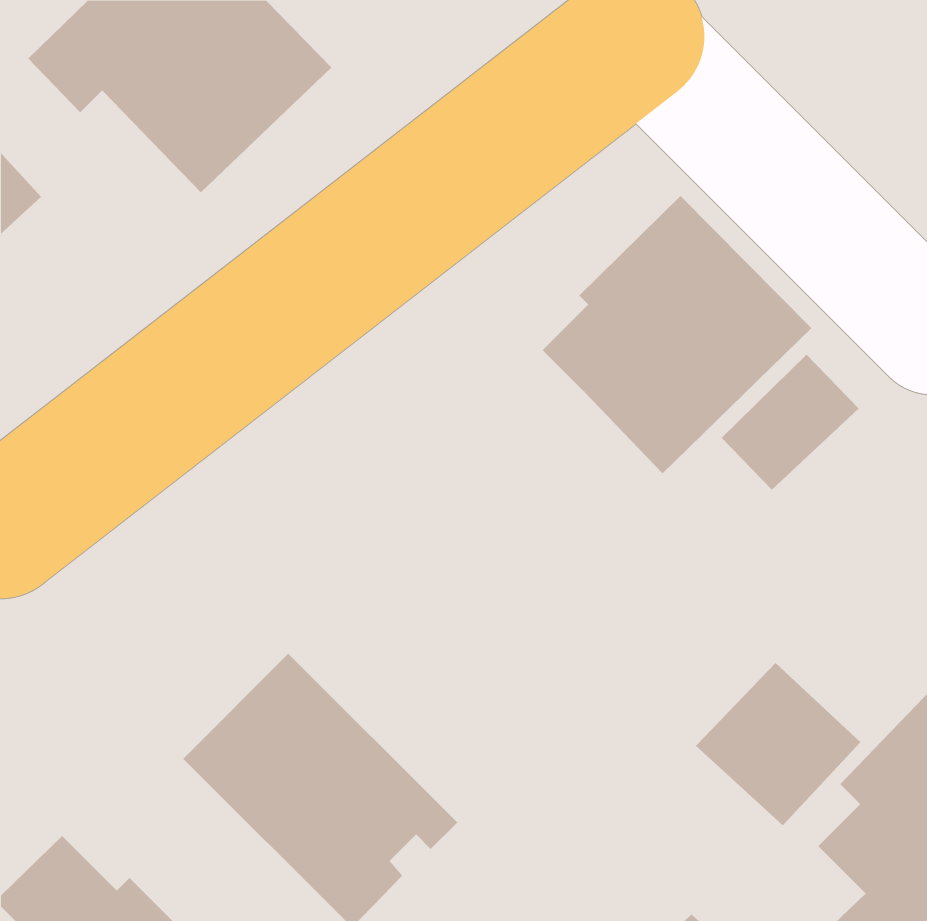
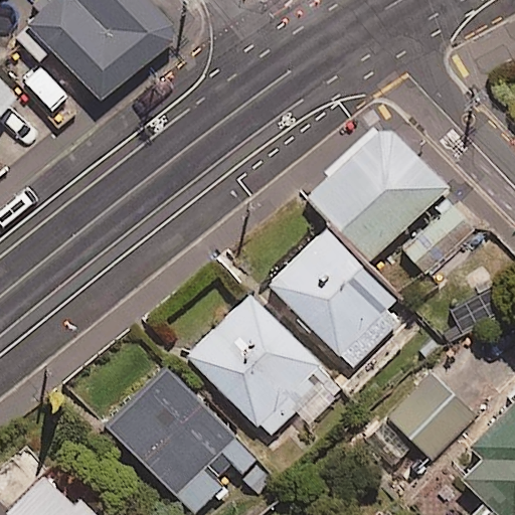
building: none -> [266,222,402,372]
building: none -> [184,292,344,438]

